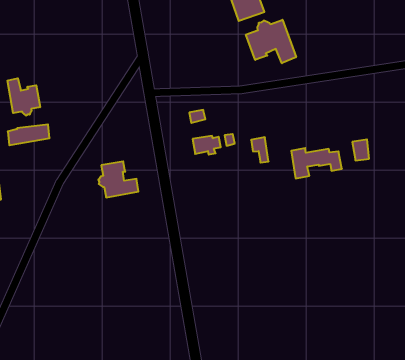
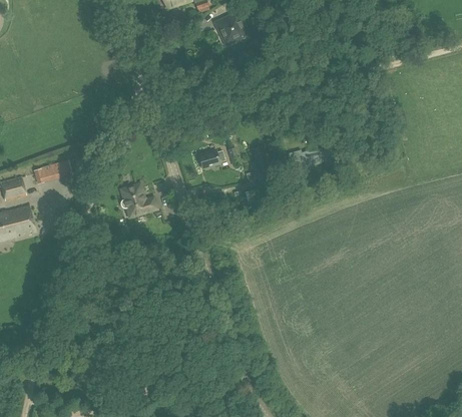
building: [246,20,296,63] -> none
building: [7,78,40,116] -> none

